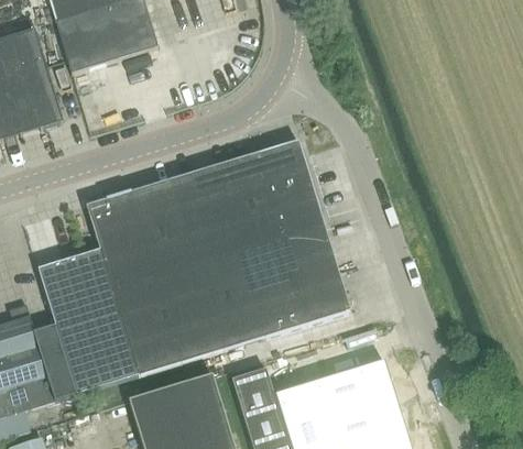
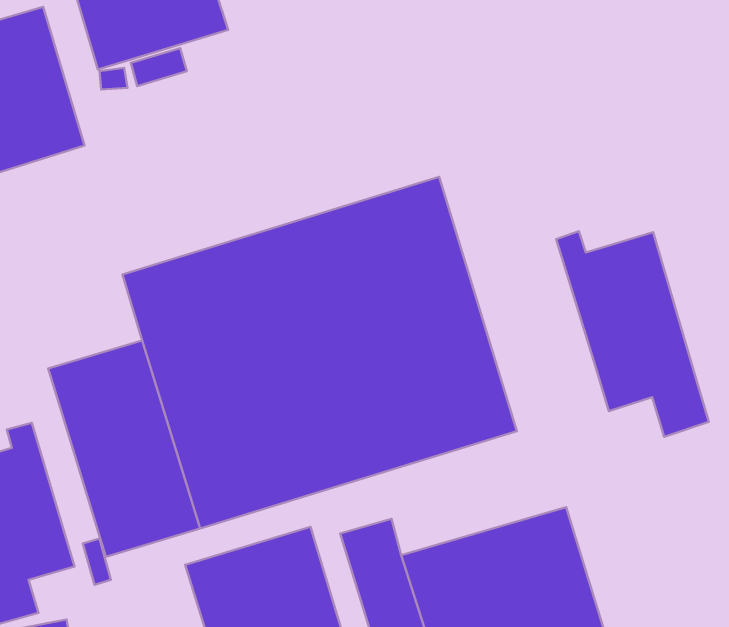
building: none -> [556,231,709,437]

